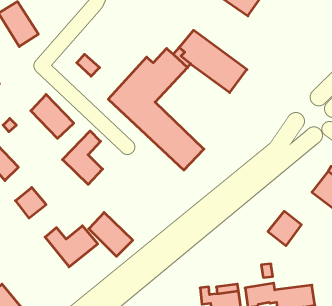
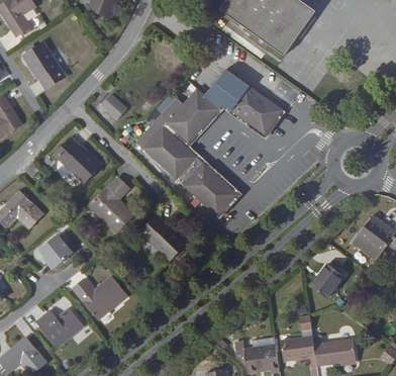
building: [89,212,133,256] -> [142,215,189,262]
building: none -> [35,307,85,348]

